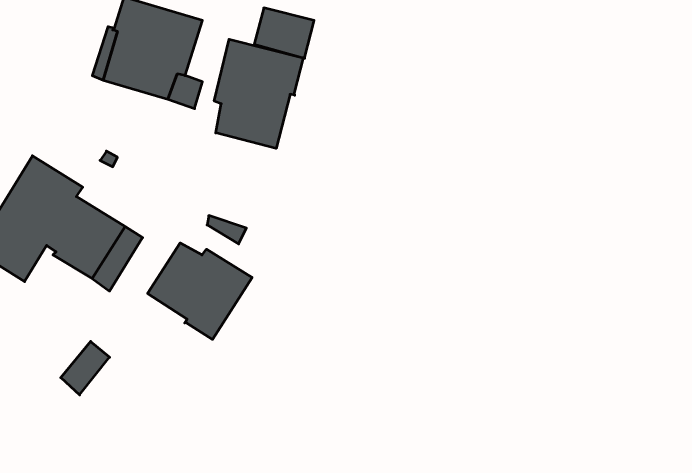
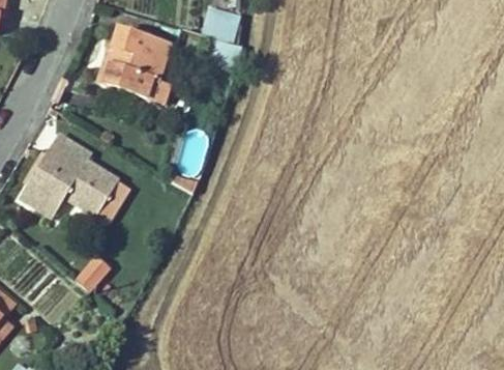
building: [214,39,303,148] -> none
building: [148,243,252,339] -> none

